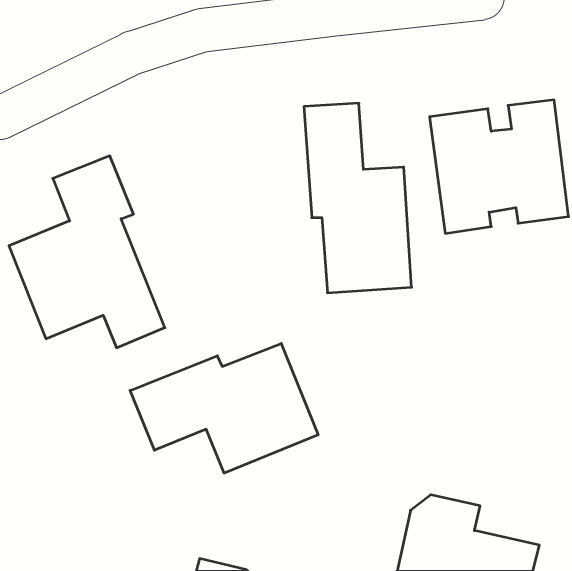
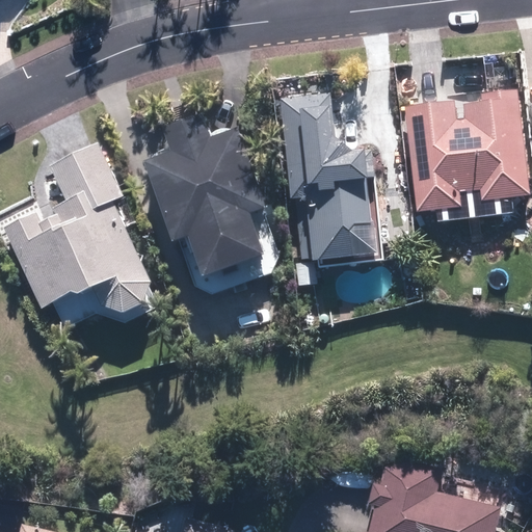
building: none -> [148,117,267,281]
building: [130,343,318,473] -> none

